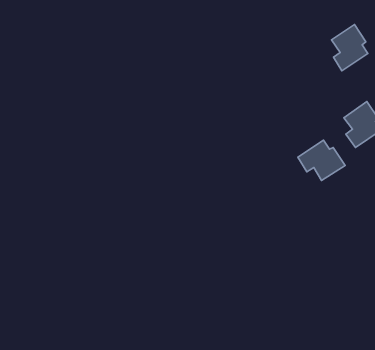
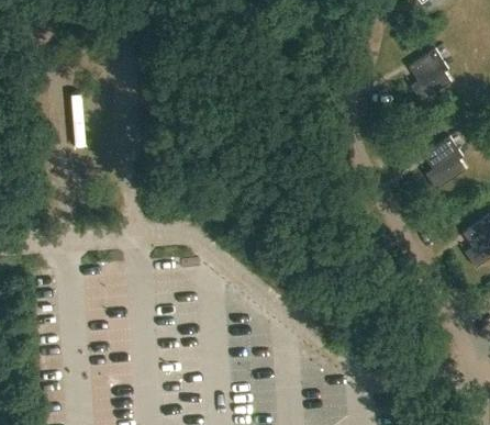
building: [298,140,345,180] -> none

